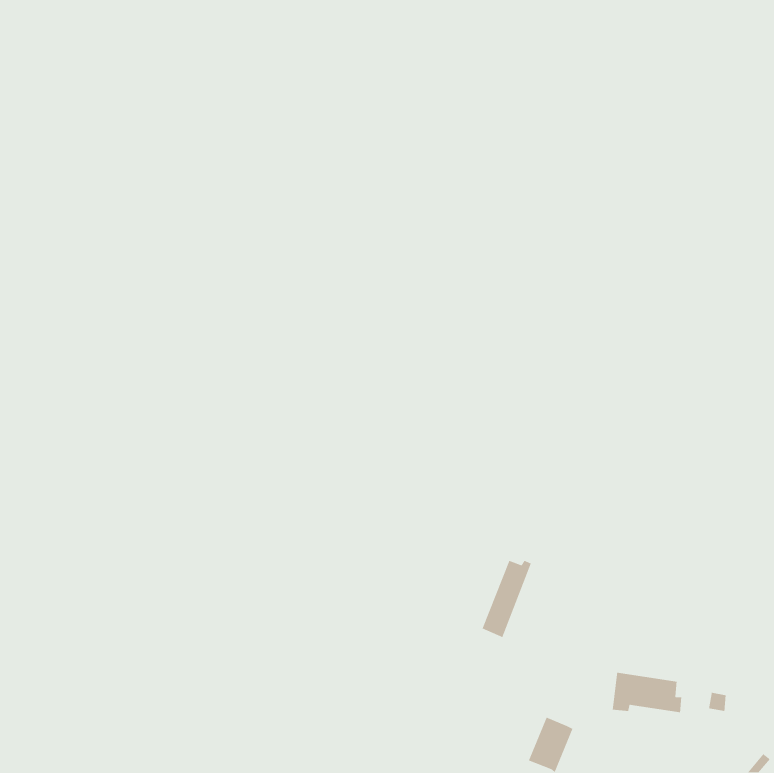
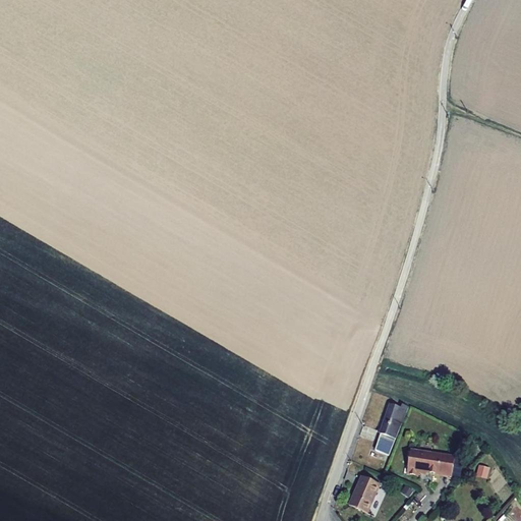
building: [481,560,532,638] -> [372,403,406,455]

